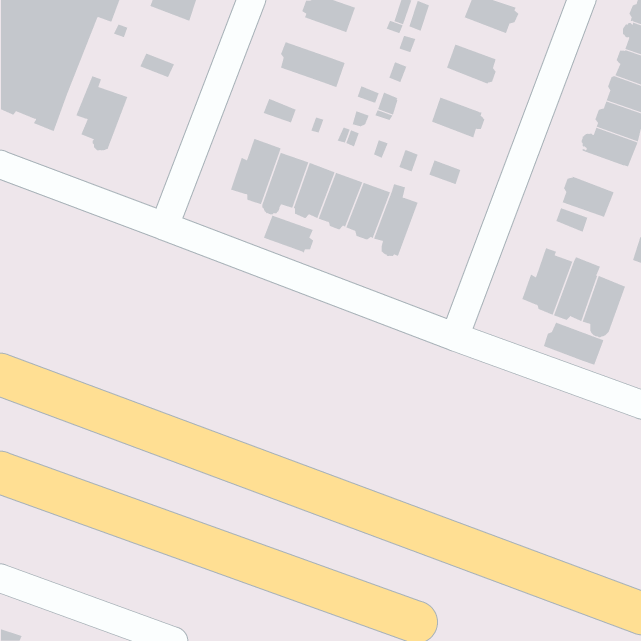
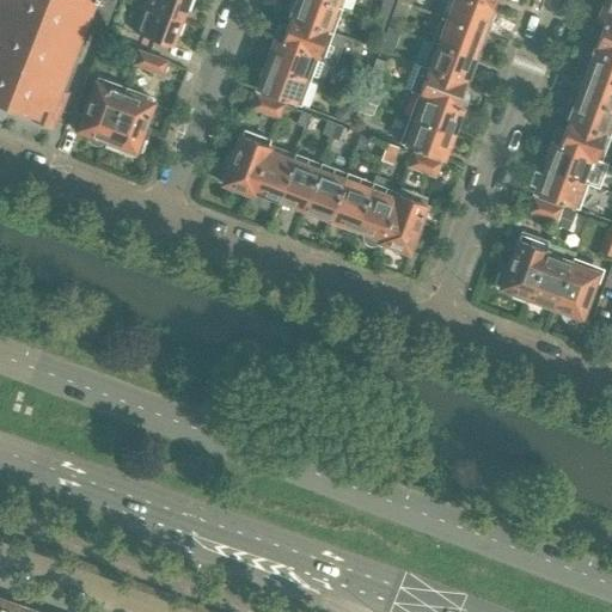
building: none -> [135,6,182,45]
building: none -> [273,17,345,62]
building: none -> [434,17,483,56]
building: none -> [405,61,467,106]
building: none -> [258,65,308,104]
building: none -> [104,92,153,151]
building: none -> [402,116,454,158]
building: none -> [545,143,594,183]
building: none -> [380,188,427,252]
building: [263,215,314,254] -> none
building: [543,322,604,366] -> none

